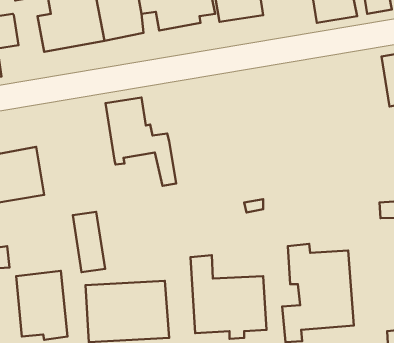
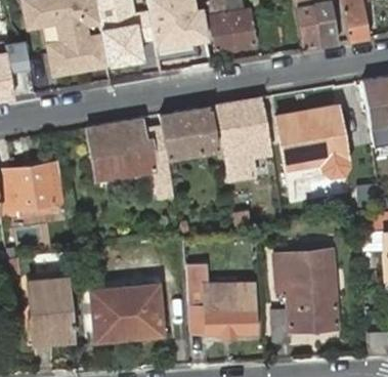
building: none -> [218,97,271,180]
building: none -> [161,107,218,159]
building: none -> [278,107,345,166]
building: [73,212,105,272] -> [88,124,118,179]

